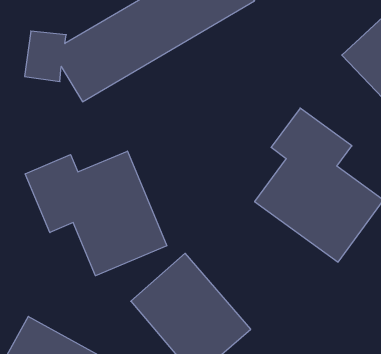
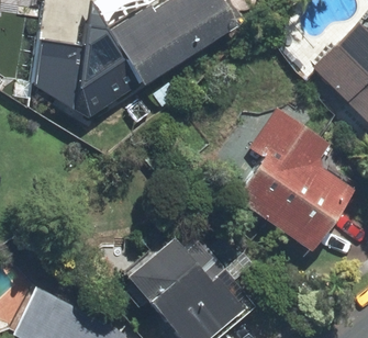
building: [25,151,167,276] -> none

